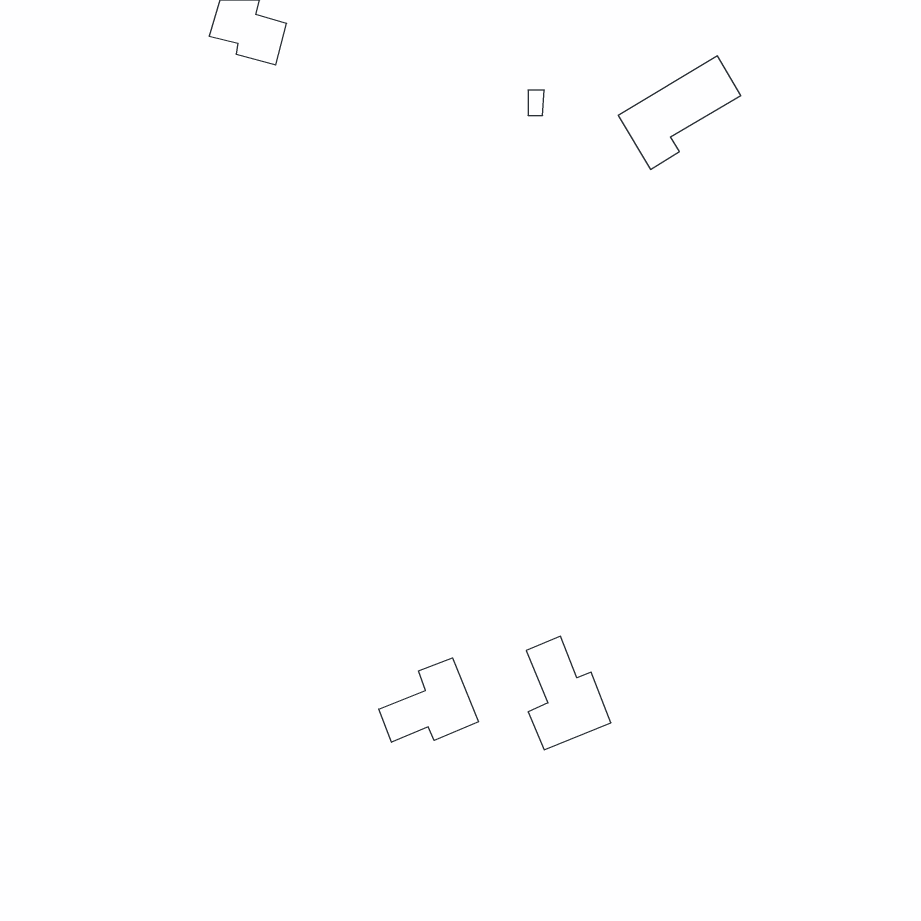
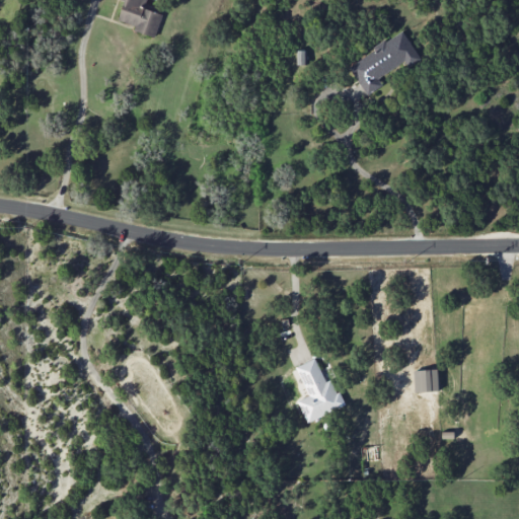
building: none -> [414,369,438,391]
building: [379,658,479,742] -> none

